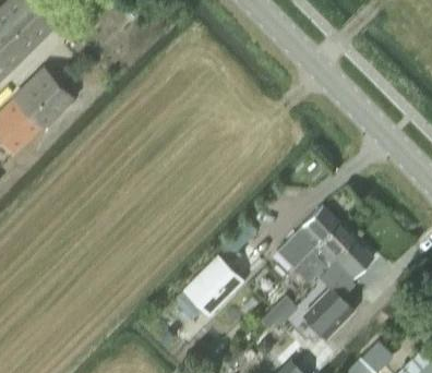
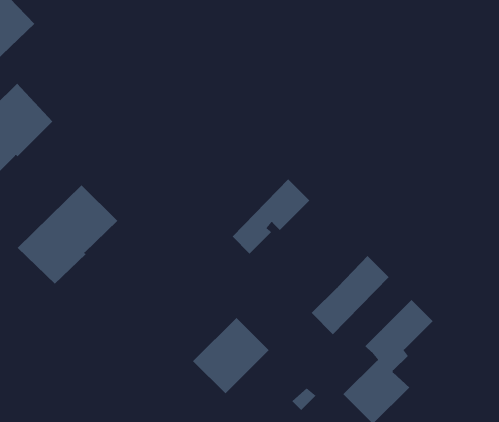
building: none -> [17,184,118,285]
building: [293,224,356,284] -> [232,179,310,254]

